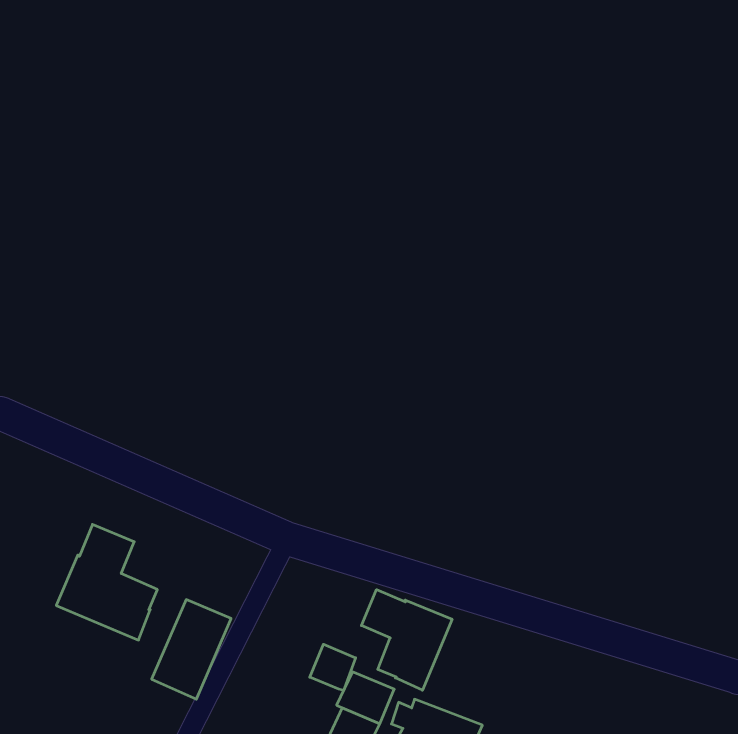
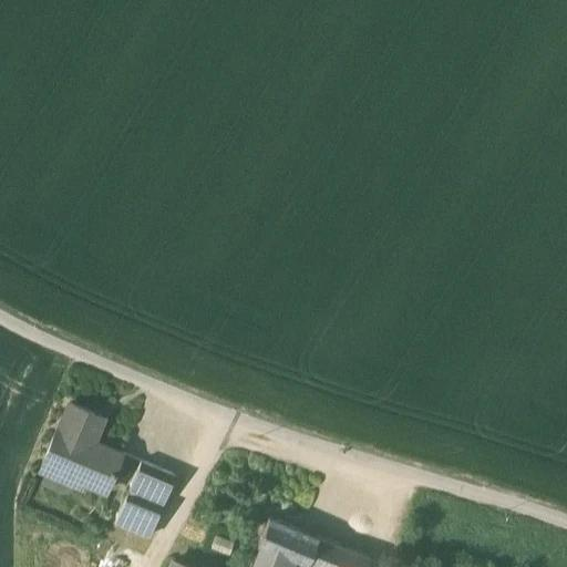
building: [361,590,452,690] -> none
building: [310,644,356,691] -> none

